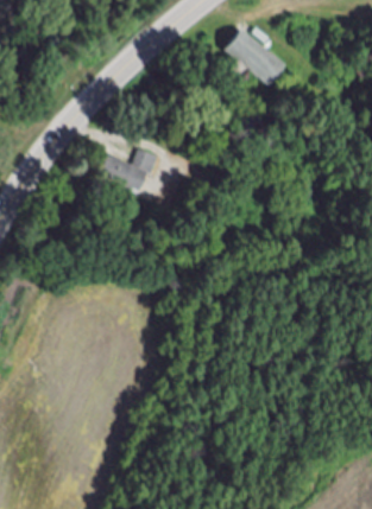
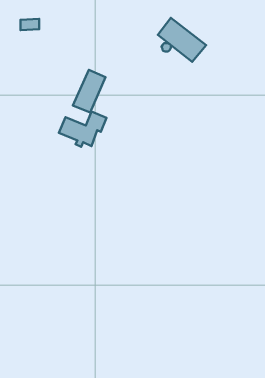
building: none -> [73,70,105,112]

